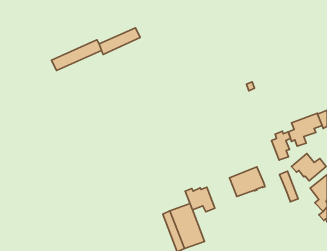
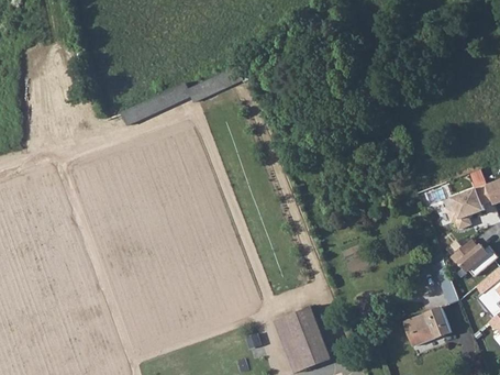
building: [272,131,291,160] -> none
building: [230,167,265,197] -> [403,306,452,346]
building: [185,187,215,212] -> none

